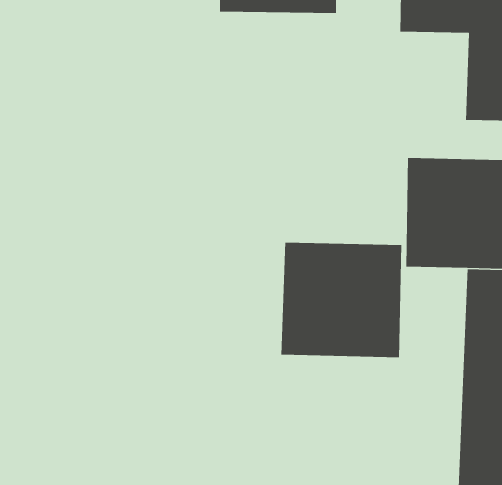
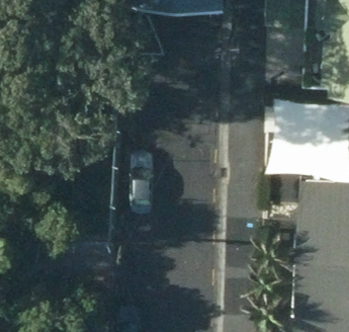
building: [281,242,402,358] -> none

